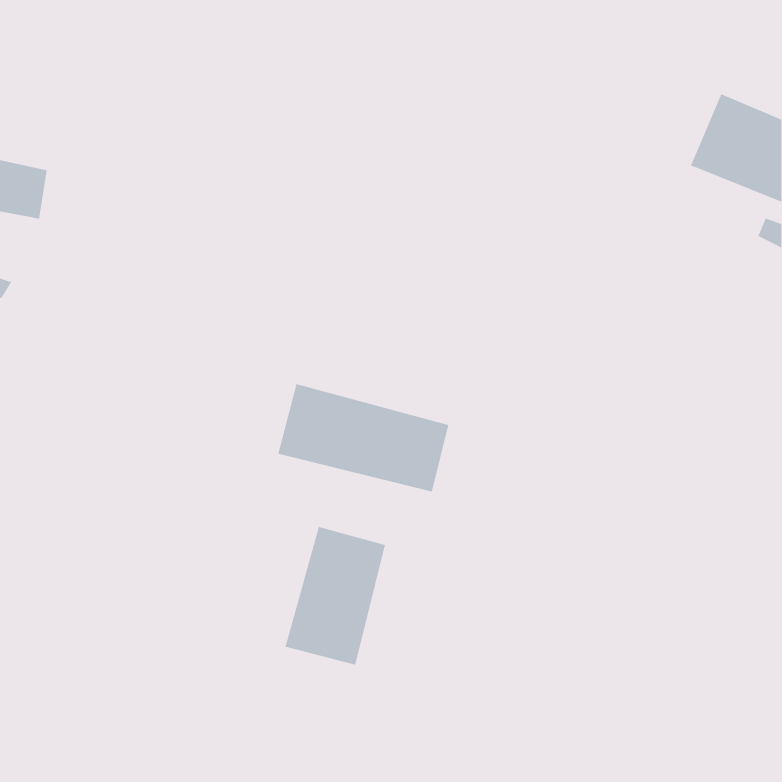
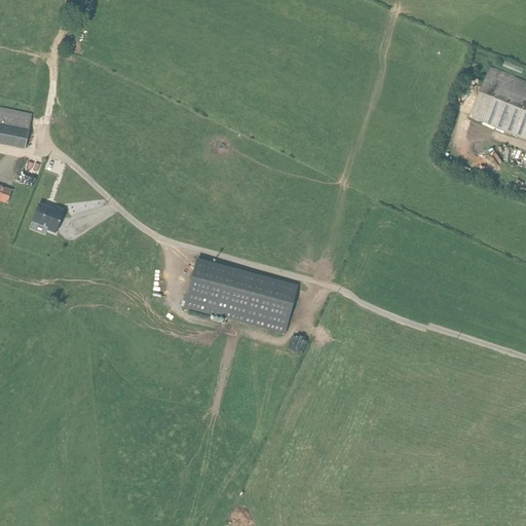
building: none -> [31,203,64,233]
building: [285,526,386,665] -> none

